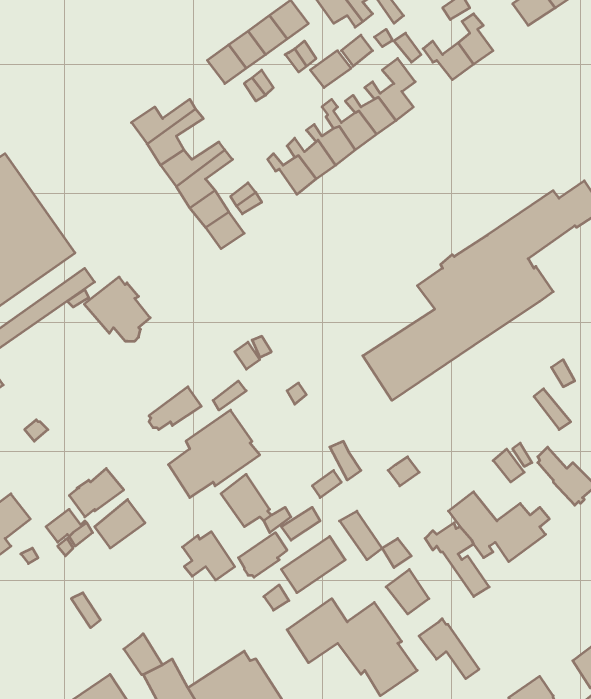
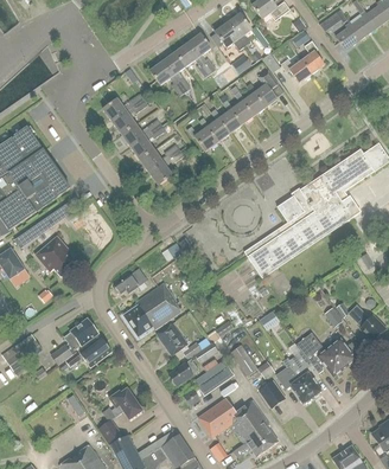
building: [84,277,150,341] -> [34,236,75,275]
building: [182,532,235,580] -> [109,387,141,417]
building: [419,619,479,679] -> [275,365,312,401]

